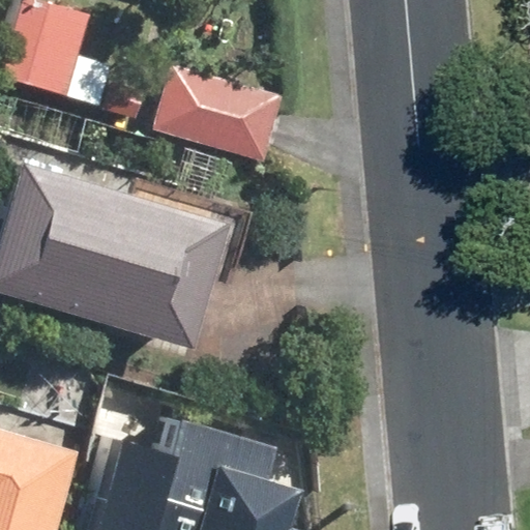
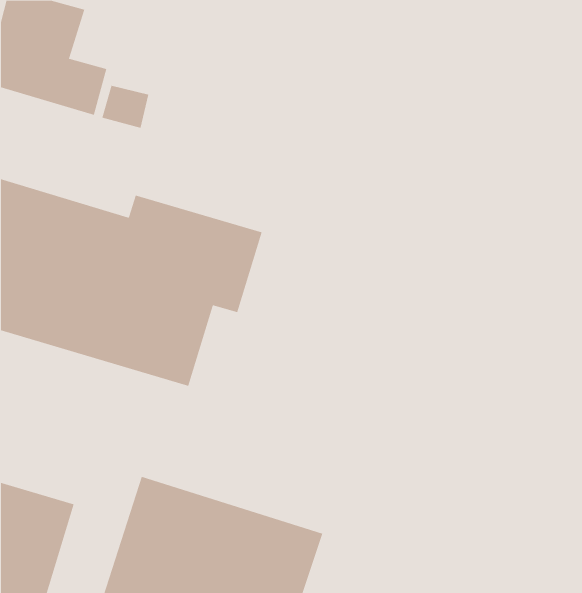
building: [152,62,281,161] -> none

